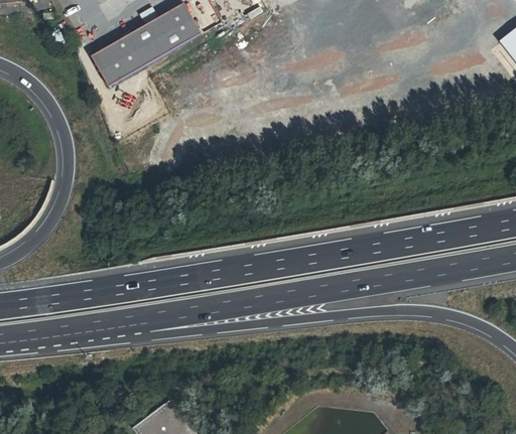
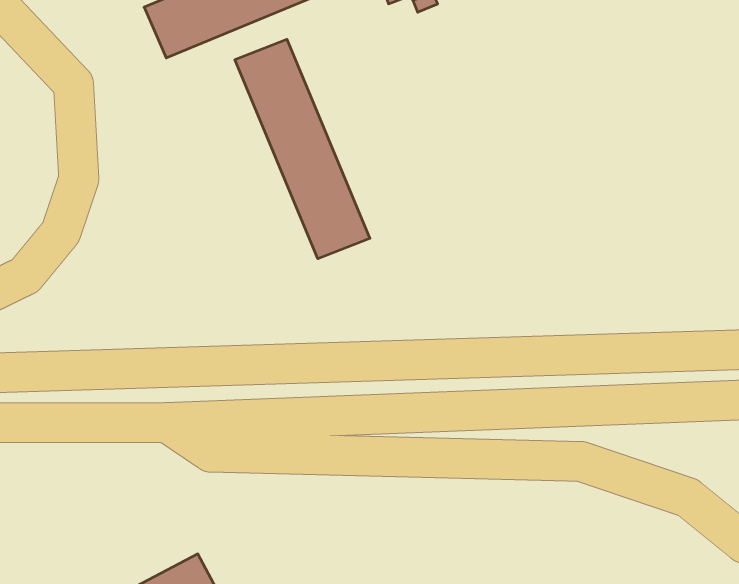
building: none -> [235,39,370,259]

